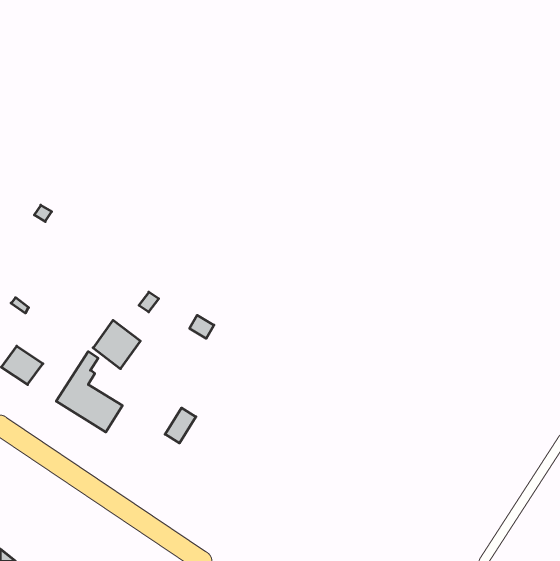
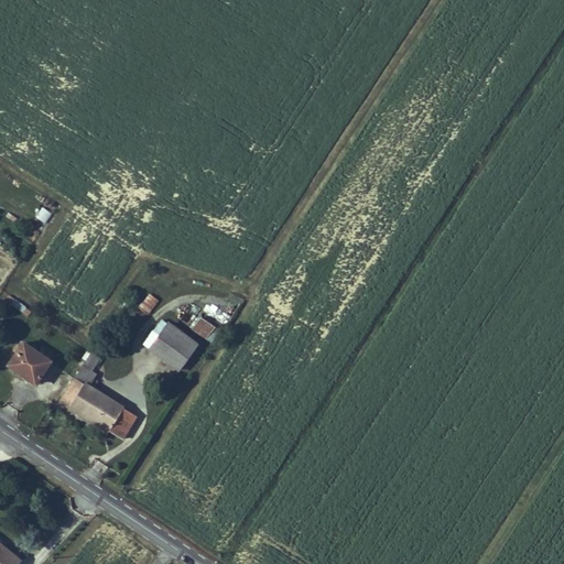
building: [93,320,140,369] -> [149,322,196,370]
building: [165,408,196,443] -> [109,405,140,441]

